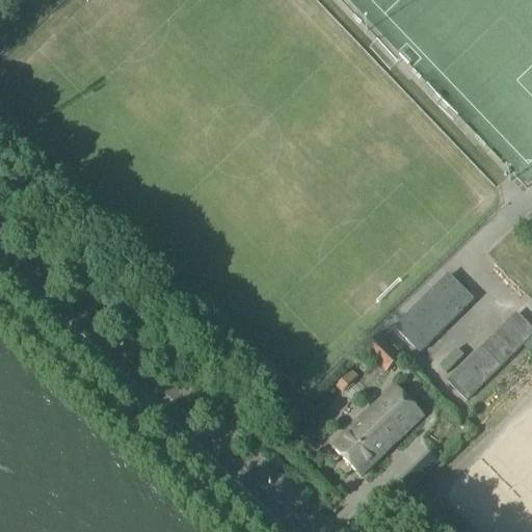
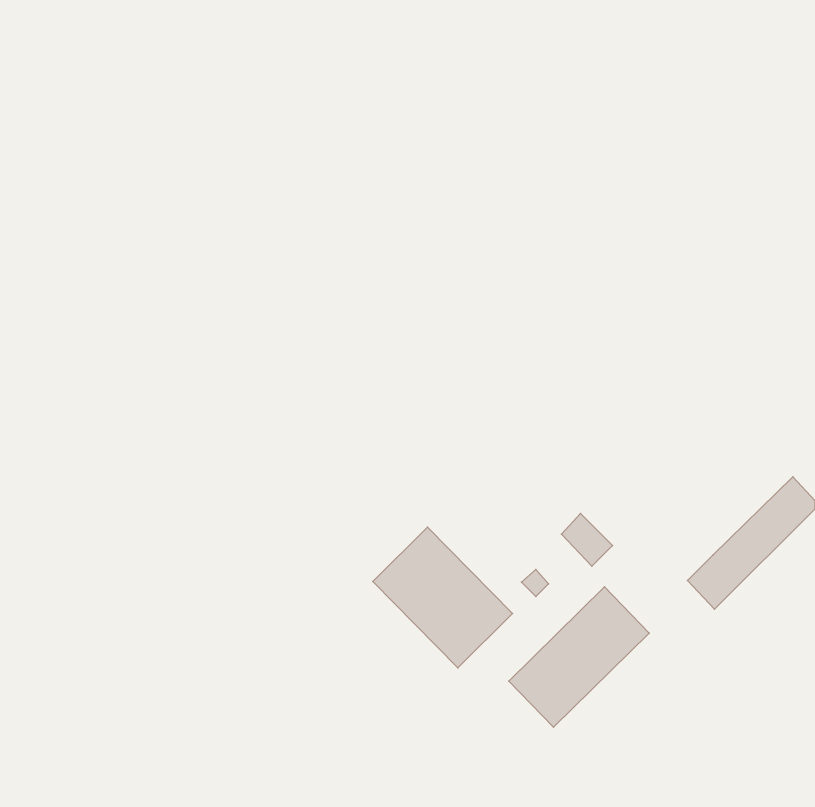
building: [395,272,473,350] -> none
building: none -> [373,527,512,668]

